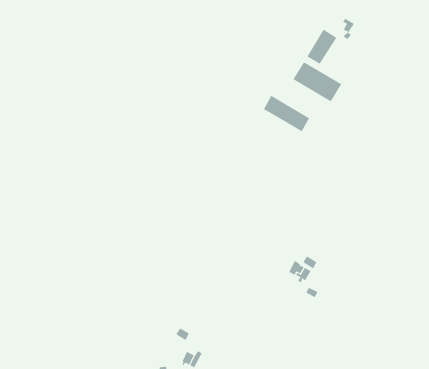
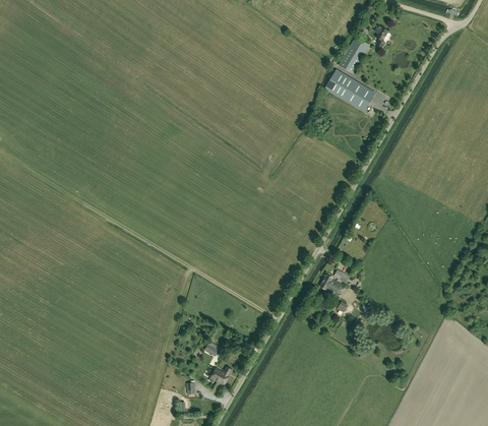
building: [263,95,310,132] -> none

